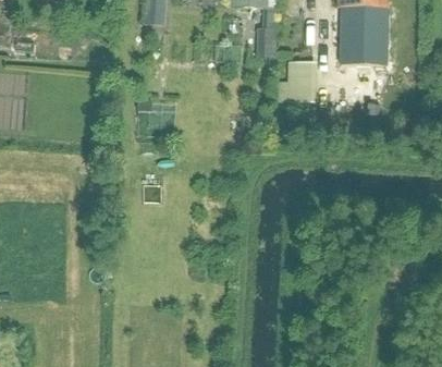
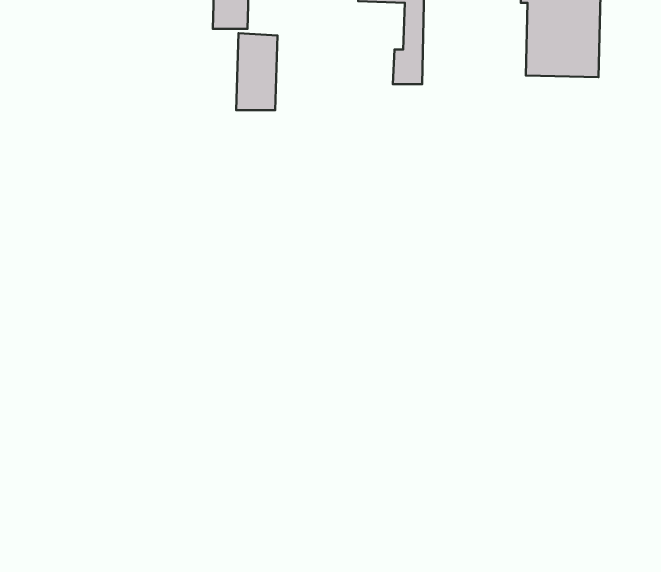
building: none -> [236,33,277,110]

